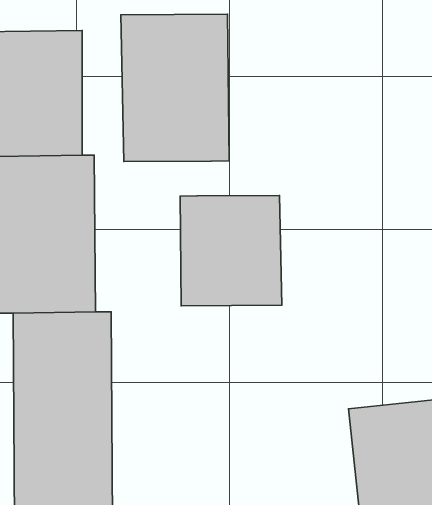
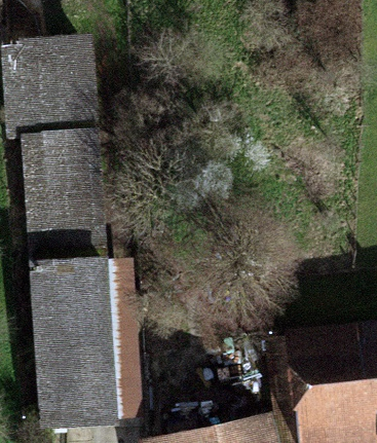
building: [121,14,229,162] -> none
building: [180,195,282,306] -> none

